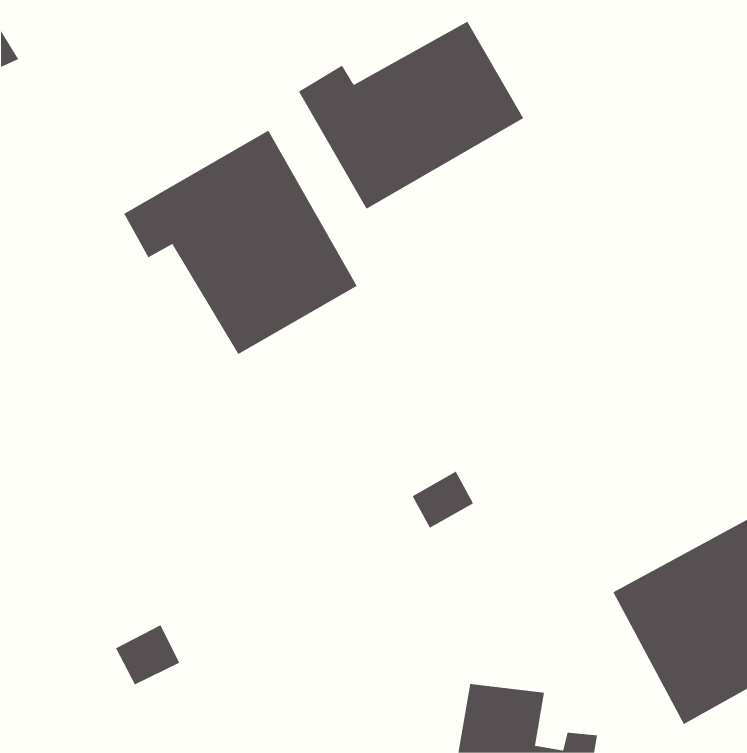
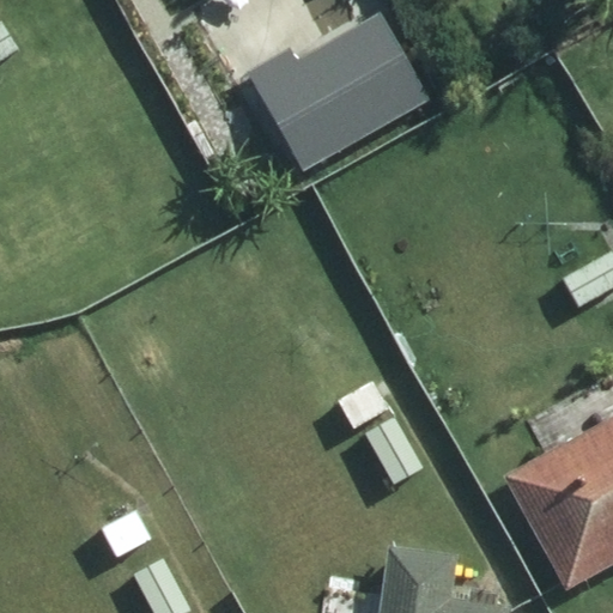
building: [124,130,358,355] -> none

